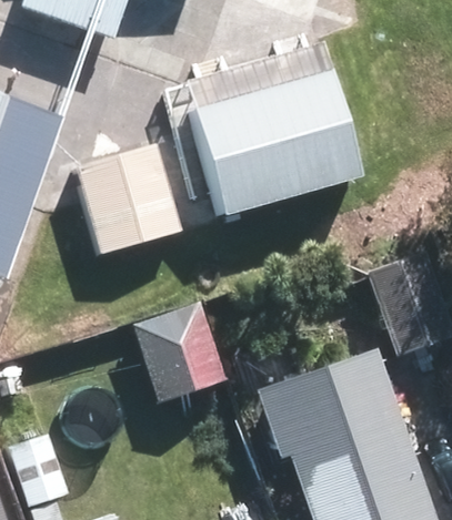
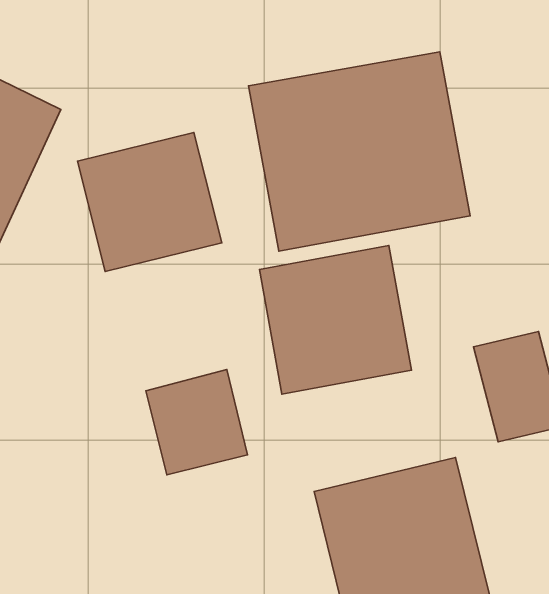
building: none -> [259,246,411,394]

